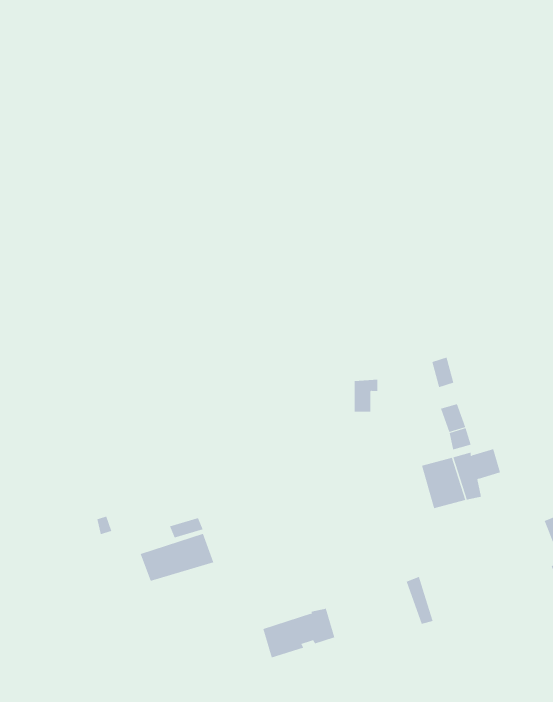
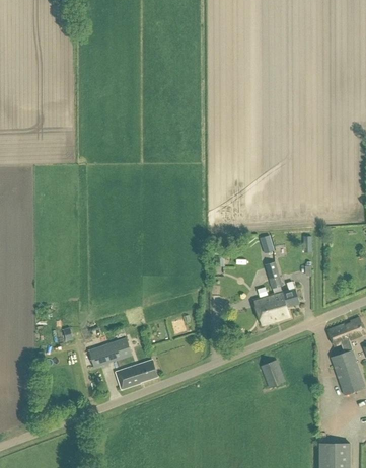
building: none -> [260,361,285,388]
building: [263,608,335,658] -> [114,360,156,389]

